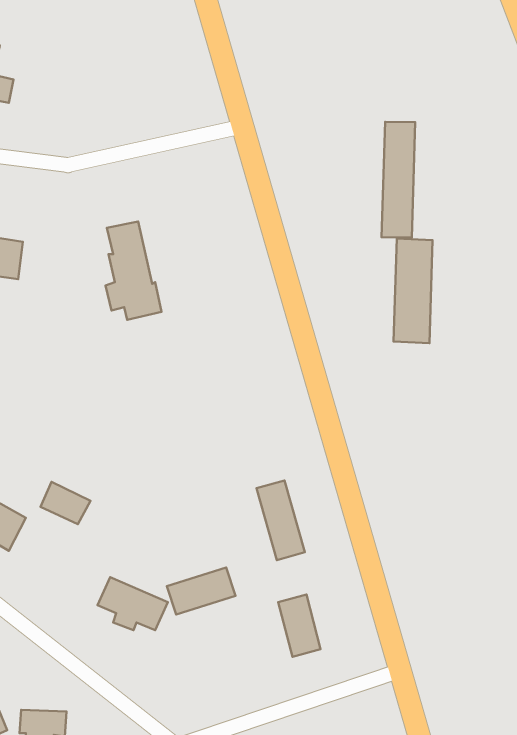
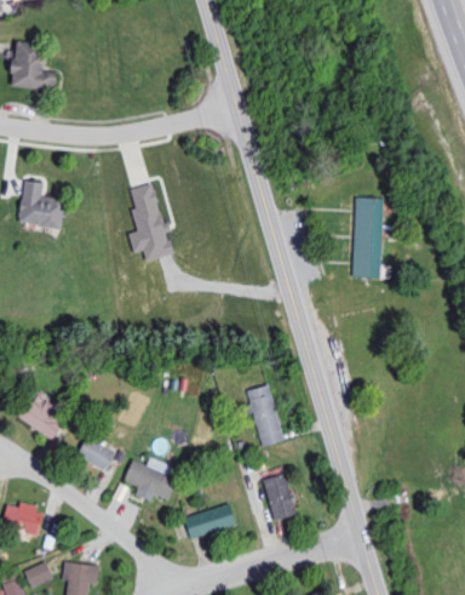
building: [382,122,415,238] -> none
building: [40,482,90,524] -> [76,437,115,470]
building: [167,568,235,614] -> [183,503,236,539]

